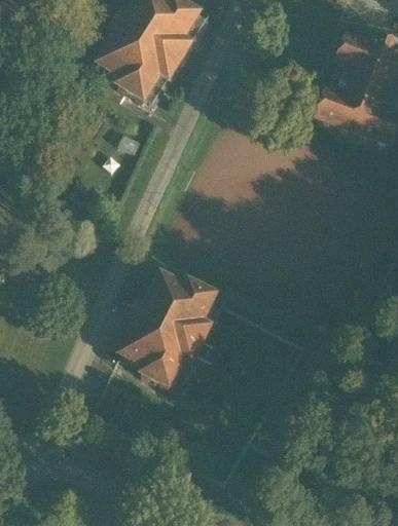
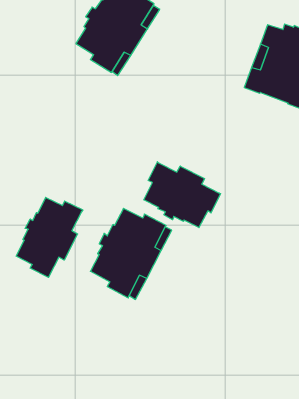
building: none -> [144,162,221,228]
building: none -> [16,197,83,277]

